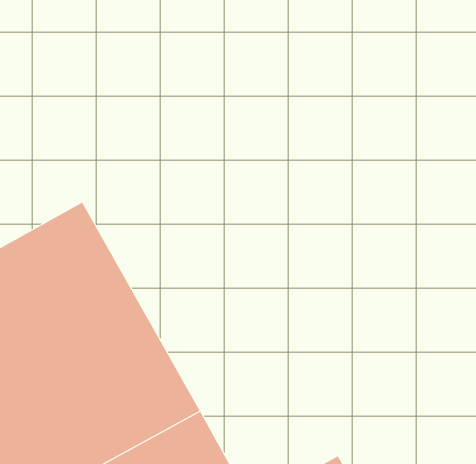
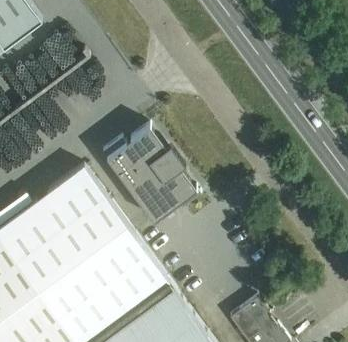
building: none -> [100,124,198,220]

